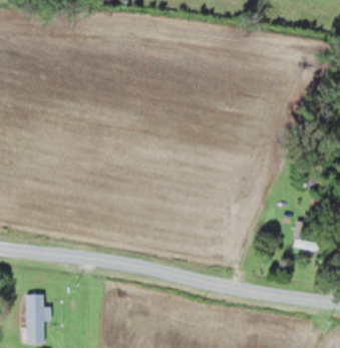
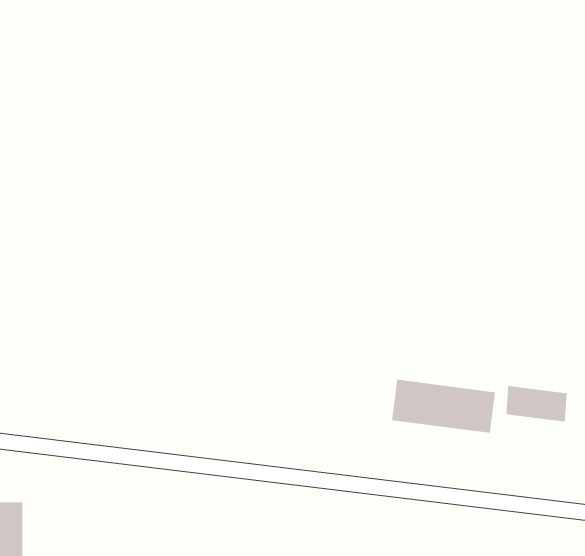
building: none -> [391,379,496,434]

